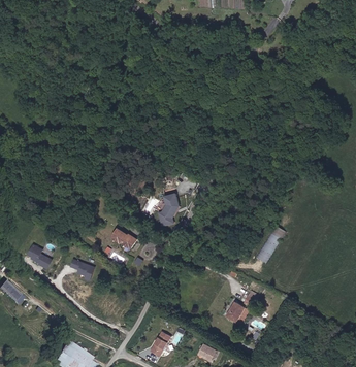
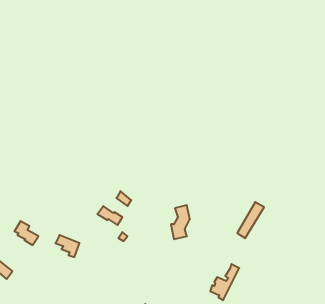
building: [158,192,177,227] -> [171,205,190,239]

